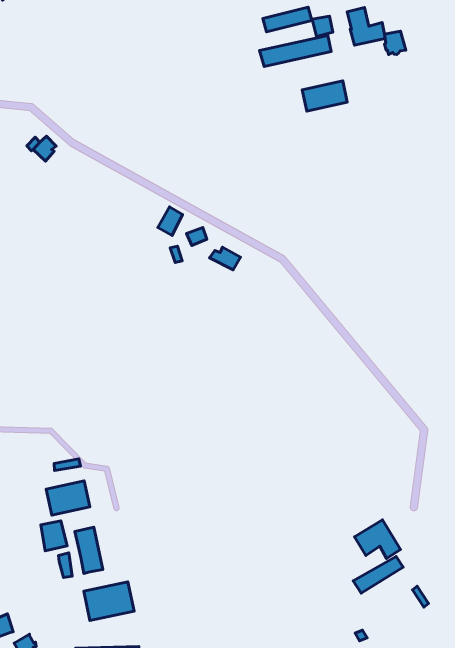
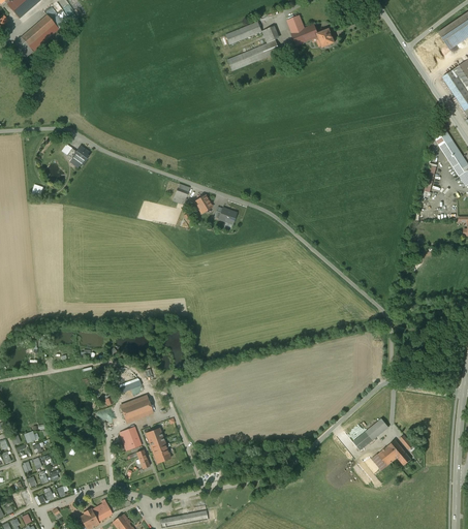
building: [302,81,347,111] -> none
building: [355,520,401,559] -> [377,438,412,466]
building: [84,582,134,621] -> none

